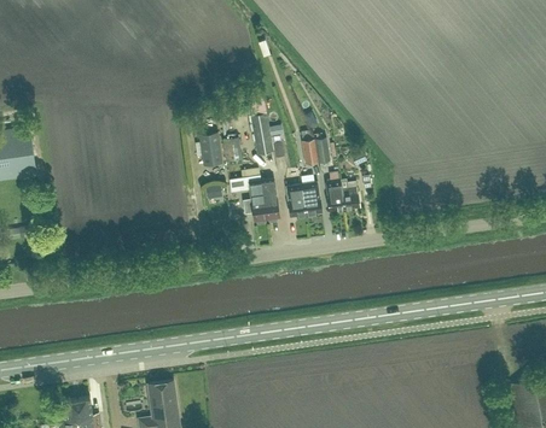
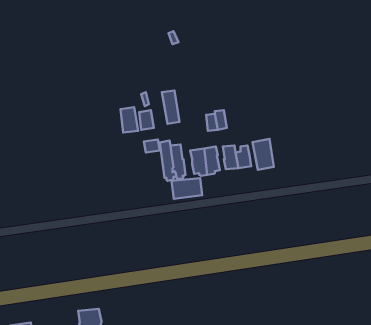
building: none -> [252,139,274,170]
building: none -> [172,178,202,199]

